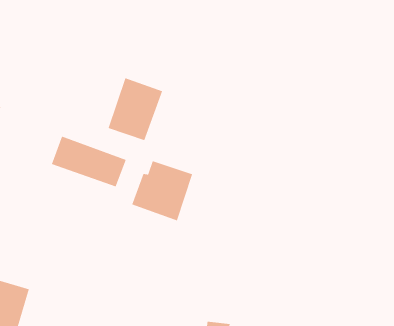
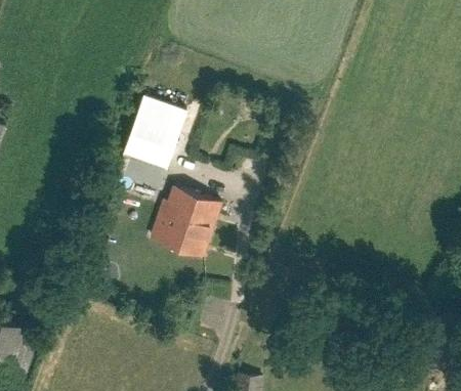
building: [51,135,127,188] -> none

